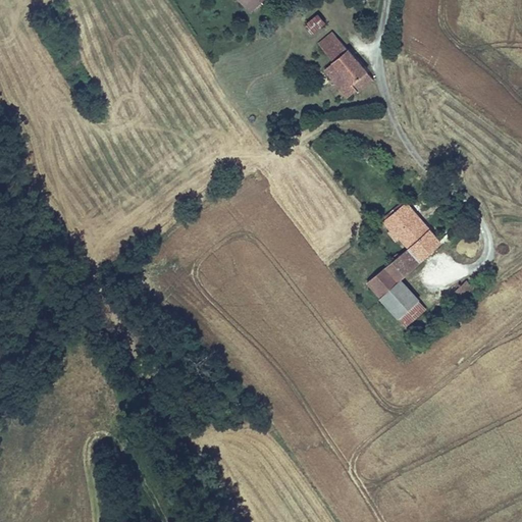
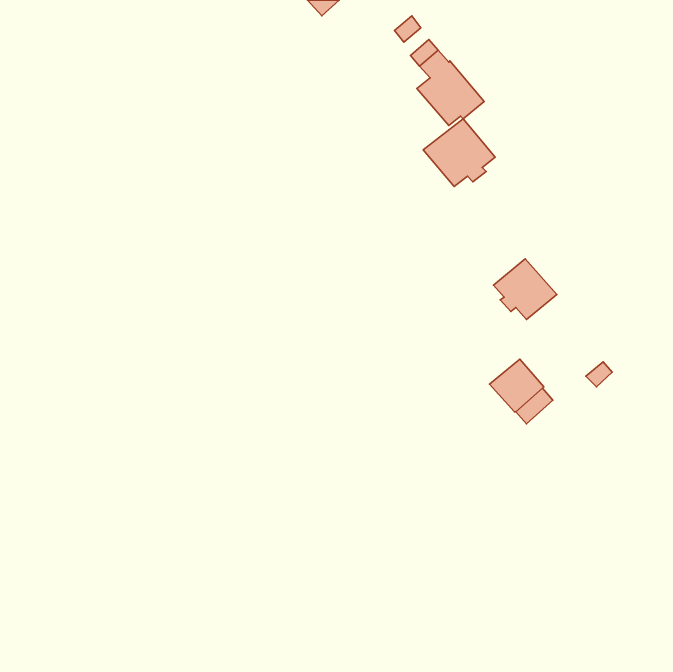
building: none -> [423,119,495,186]
building: [366,229,442,299] -> none

